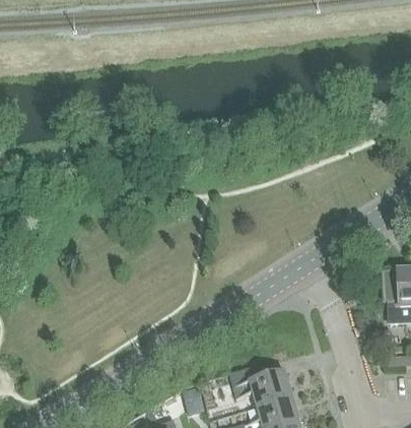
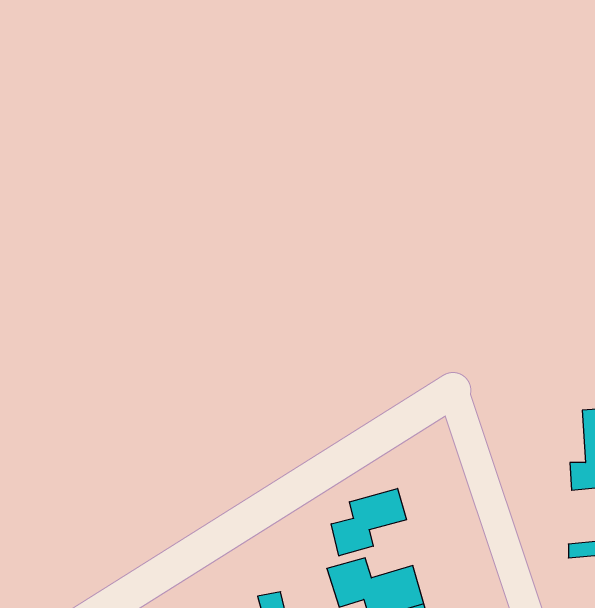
building: none -> [331,488,406,556]

